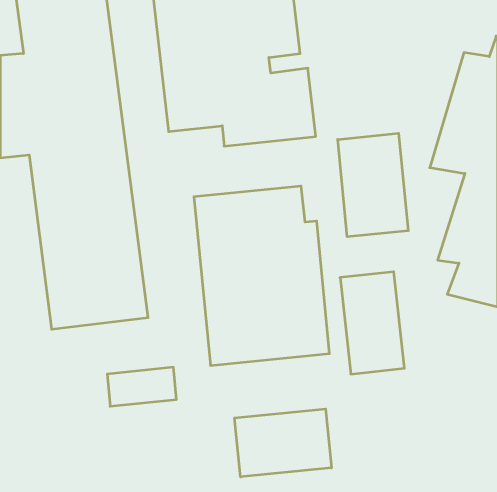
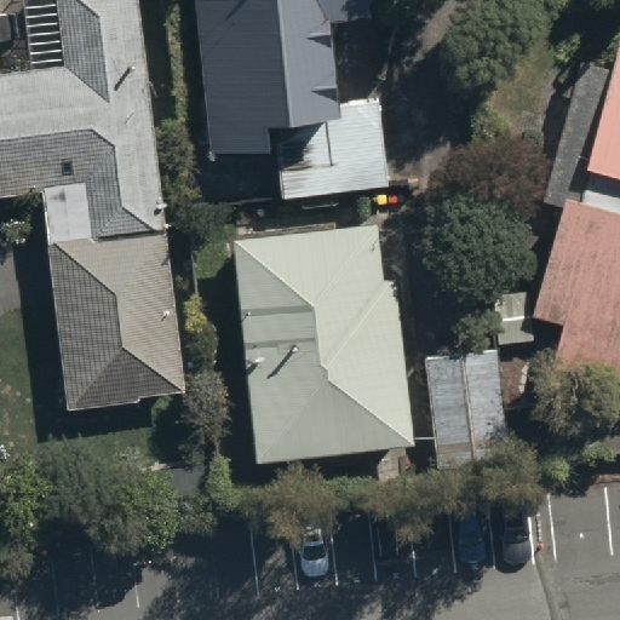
building: [338,133,408,237] -> none
building: [235,409,331,477] -> none

